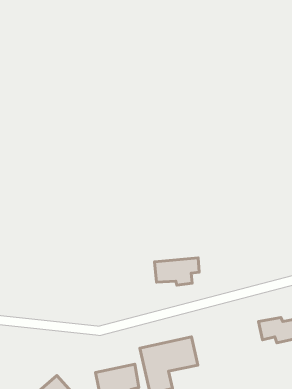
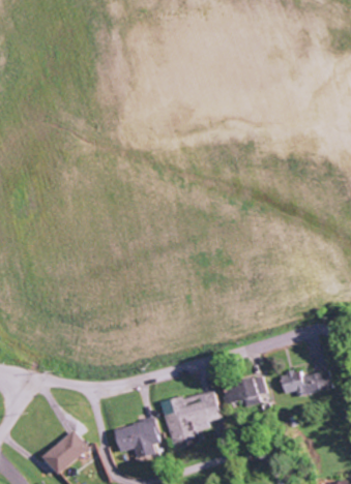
building: [155,258,199,285] -> [221,379,266,406]

